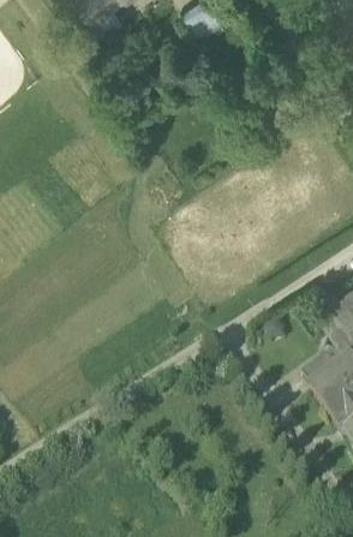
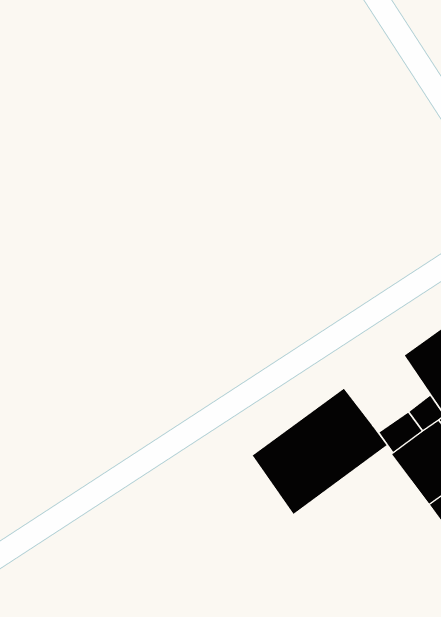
building: none -> [252,388,388,515]

